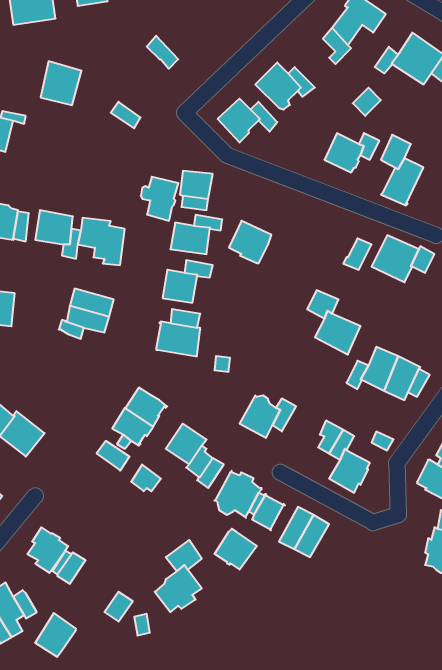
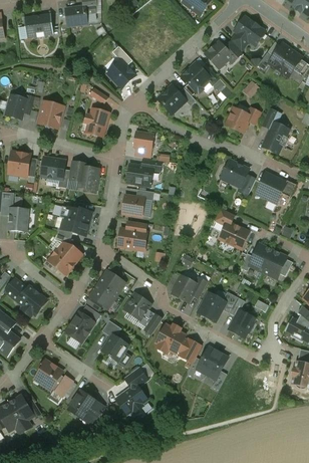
building: none -> [205,44,233,68]
building: none -> [108,60,135,88]
building: [41,61,82,105] -> [38,100,64,129]
building: [141,177,178,221] -> [85,108,109,137]
building: [229,221,271,263] -> [222,160,249,187]
building: none -> [48,242,82,274]
building: none -> [198,292,226,321]
building: none -> [66,311,94,342]
building: [214,529,257,570] -> [101,334,128,361]
building: [35,613,76,657] -> [68,390,94,418]

